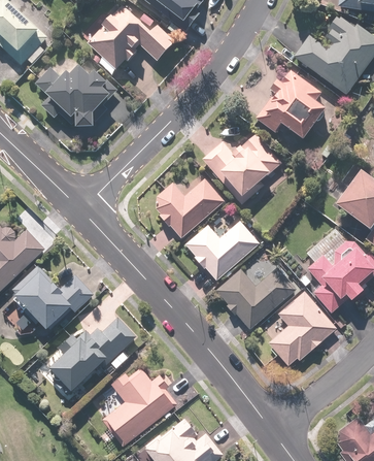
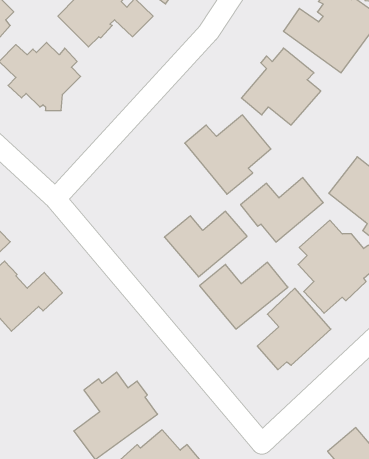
building: [148,177,224,236] -> [241,178,323,242]
building: [48,317,136,391] -> none

